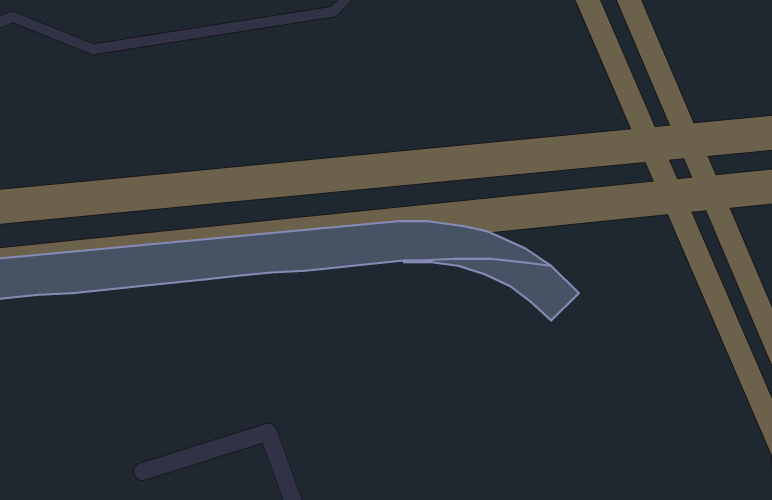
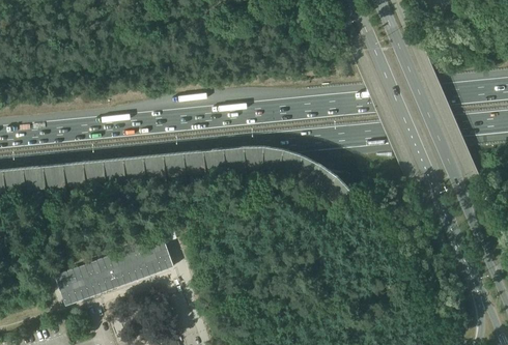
building: none -> [55,236,174,306]

